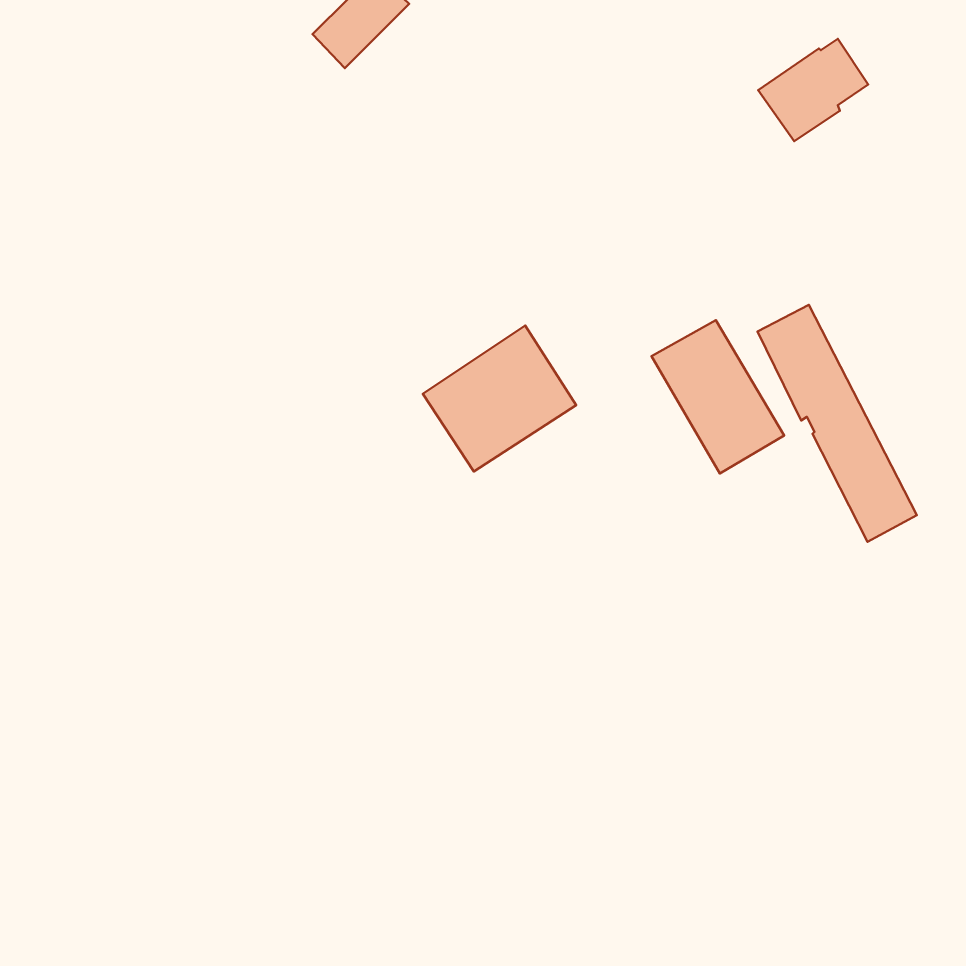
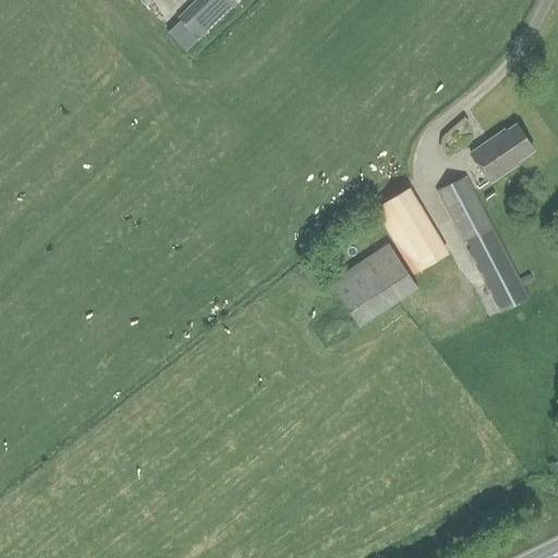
building: [758,39,868,141] -> [469,123,532,182]
building: [423,326,576,471] -> [328,242,416,326]

